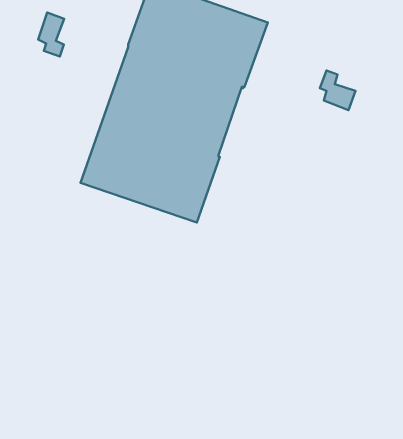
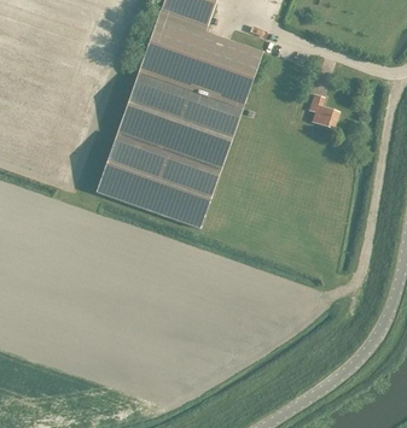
building: [38,12,64,56] -> none

